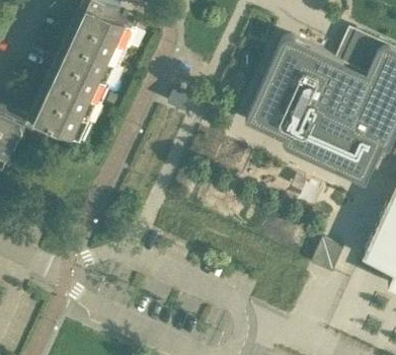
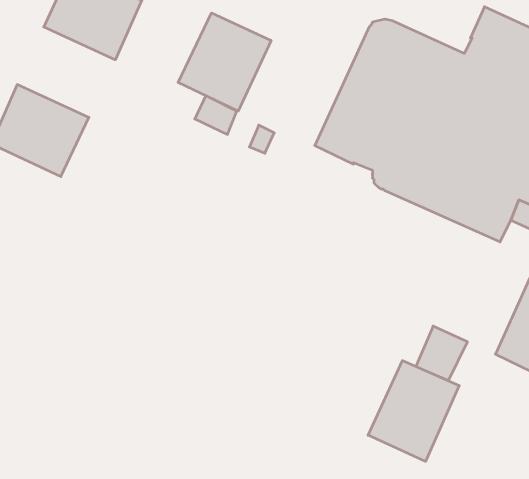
building: none -> [178,13,271,111]
building: [51,45,114,103] -> none
building: none -> [368,361,459,461]

